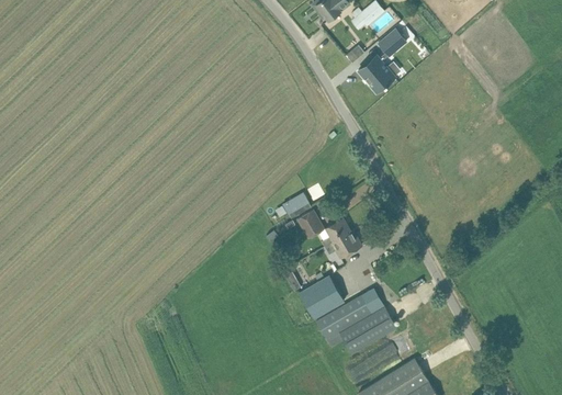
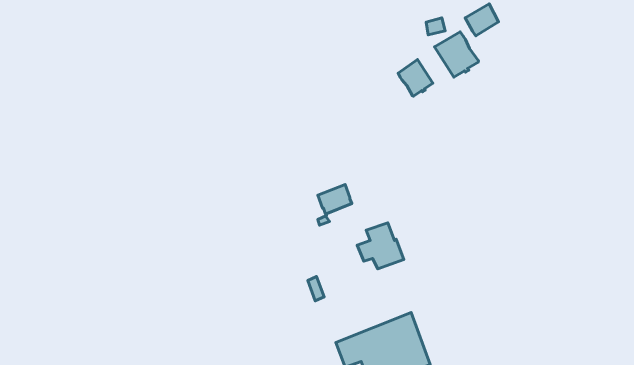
building: none -> [398,59,433,96]
building: [296,208,324,238] -> none
building: [300,275,344,318] -> none

